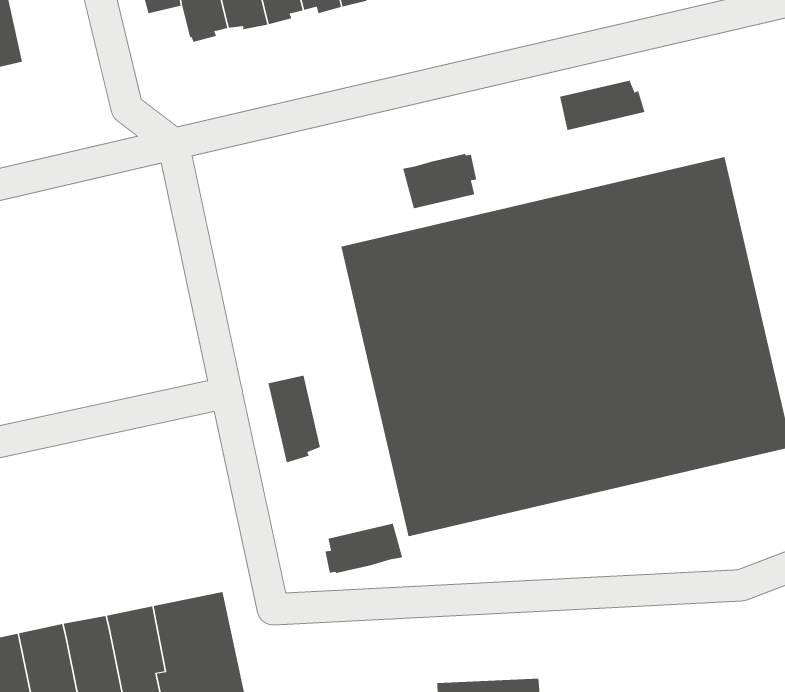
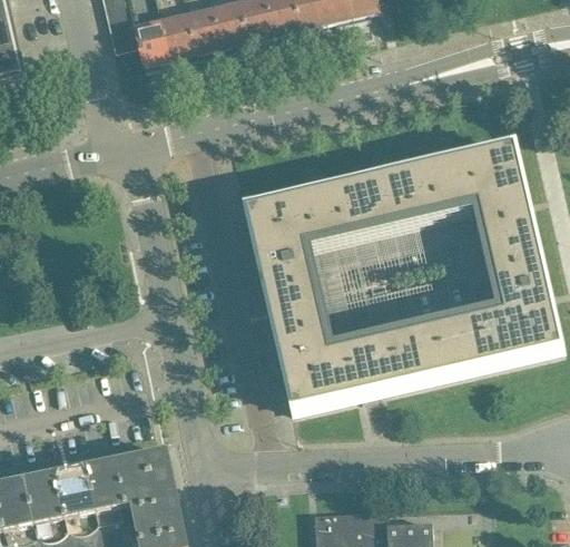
building: [560,80,645,131] -> none
building: [403,153,477,209] -> none
building: [268,375,321,463] -> none
building: [325,523,403,574] -> none

